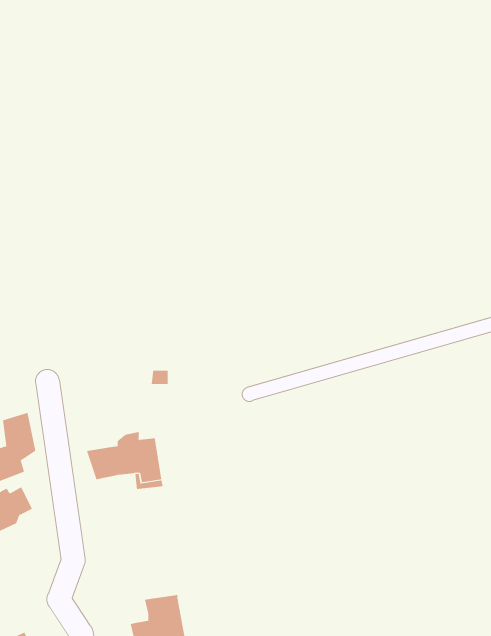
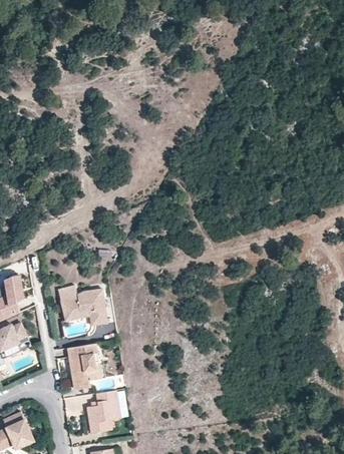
building: none -> [70,344,99,389]

